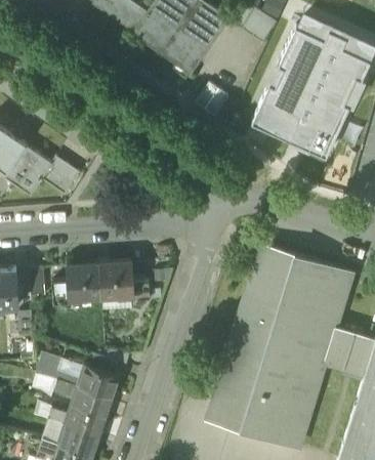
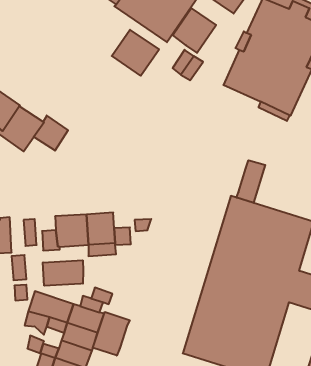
building: none -> [173,8,216,53]
building: none -> [112,30,159,76]
building: none -> [236,160,265,203]
building: none -> [43,260,83,286]
building: none -> [93,312,130,356]

